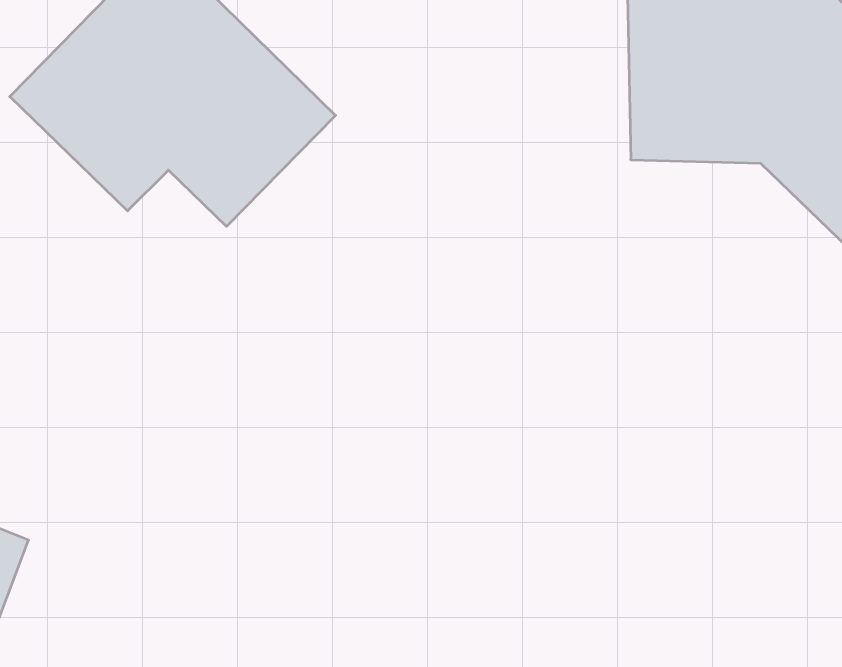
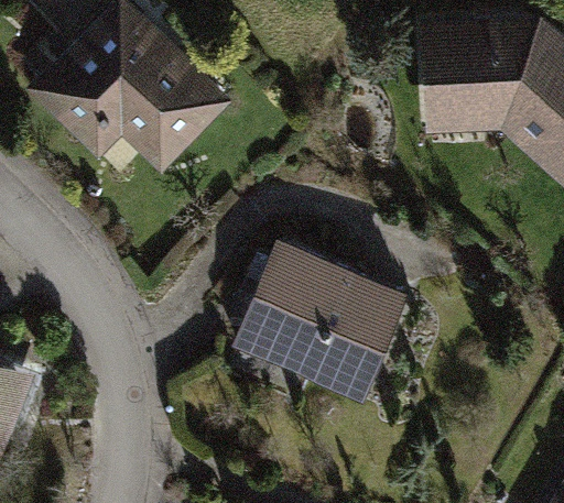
building: none -> [236,240,405,394]

